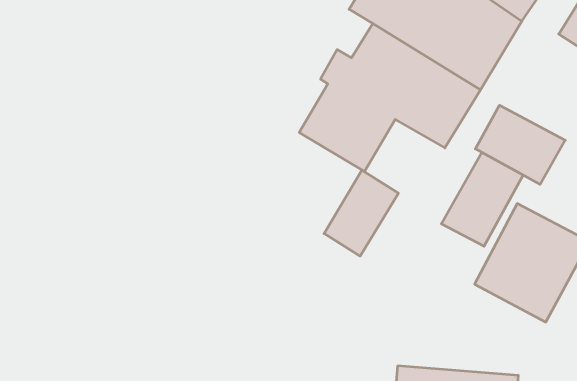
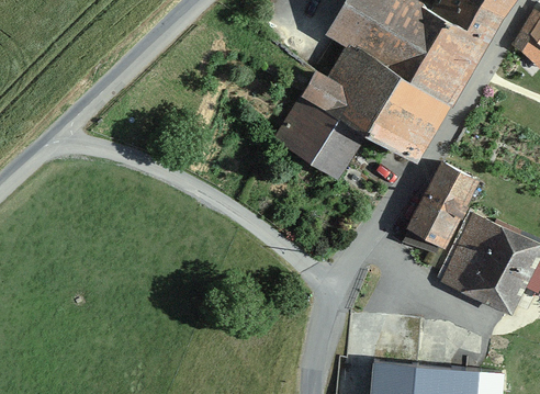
building: [475,105,565,184] -> none
building: [324,170,398,256] -> none

